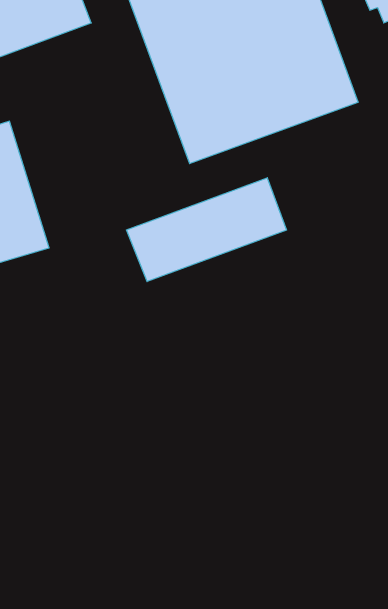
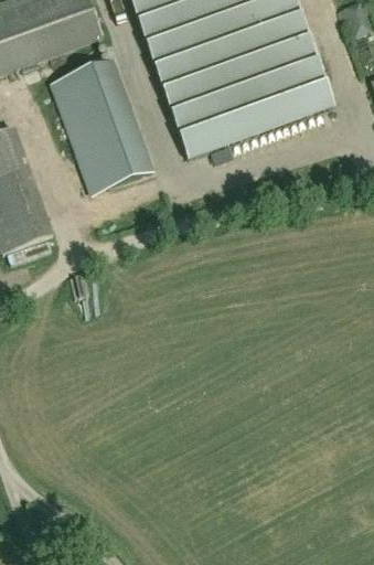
building: none -> [51,61,151,193]
building: [126,178,287,282] -> none

